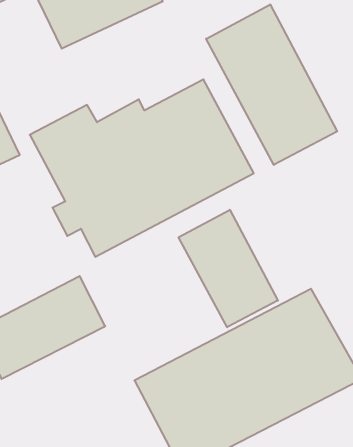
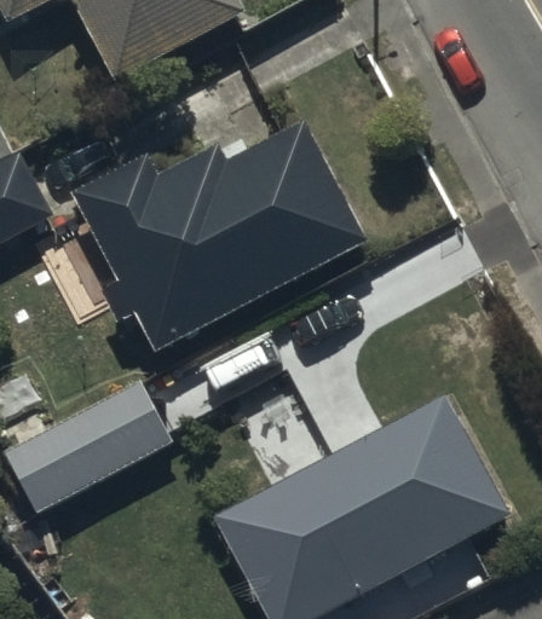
building: [206,4,337,165] -> none
building: [179,210,278,327] -> none

